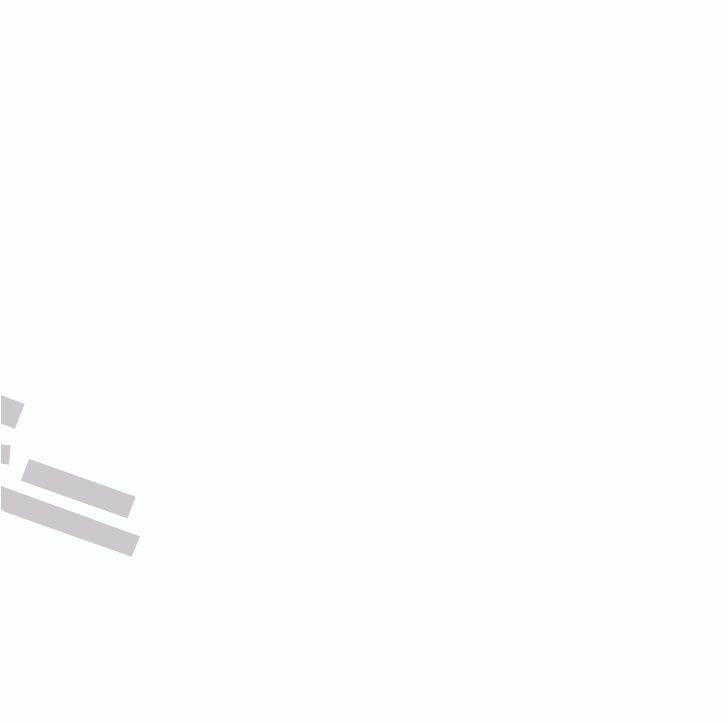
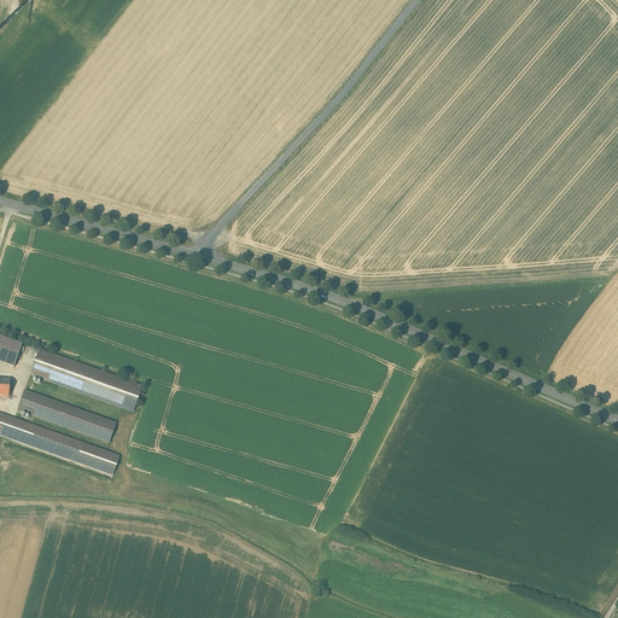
building: none -> [30,348,142,409]

